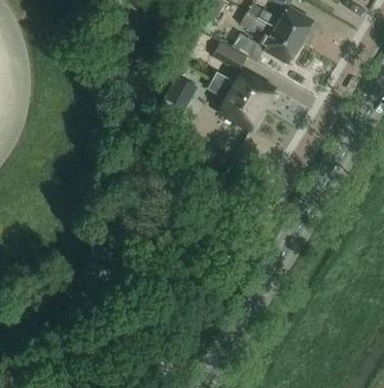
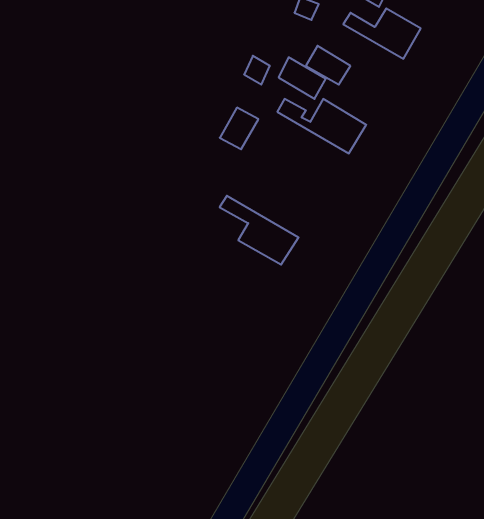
building: [240,13,301,65] -> none
building: [205,81,261,131] -> [220,196,299,265]

